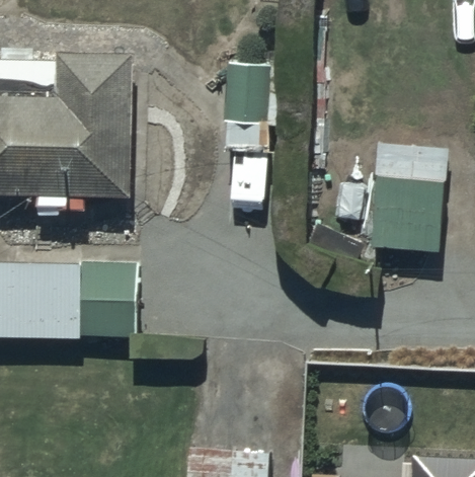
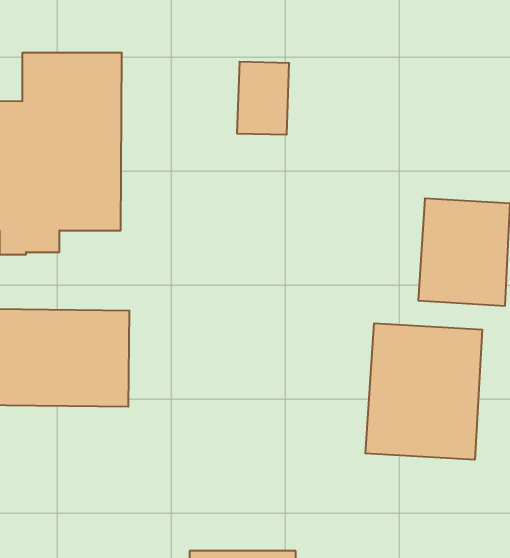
building: none -> [365,323,482,460]

